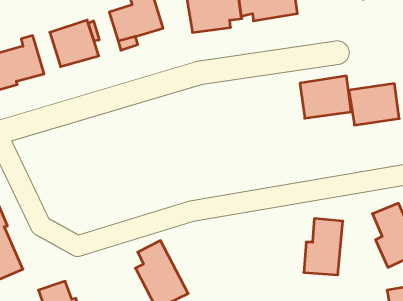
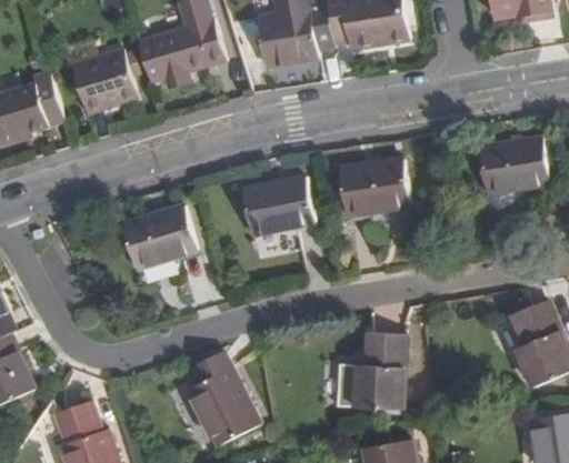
building: [300,76,351,118] -> [338,158,408,215]
building: none -> [241,174,312,235]
building: none -> [121,205,196,269]
building: [304,219,343,275] -> [352,332,406,409]

